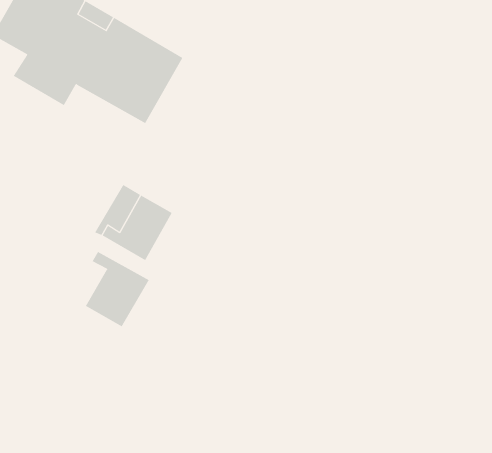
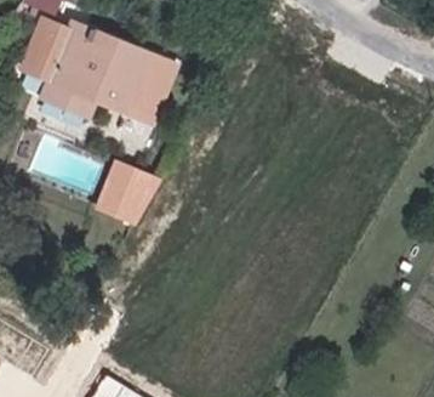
building: [85,251,149,327] -> none

